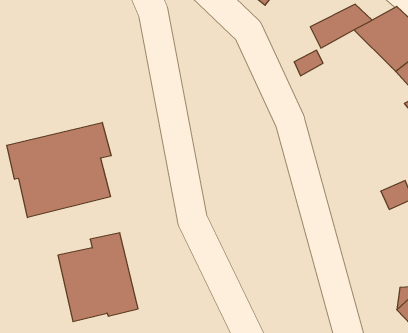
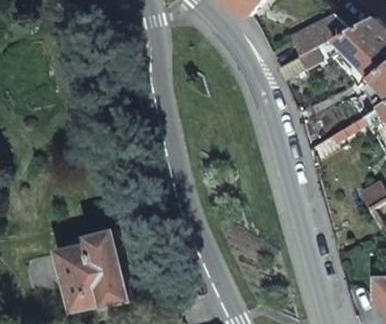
building: [7,122,111,218] -> none

